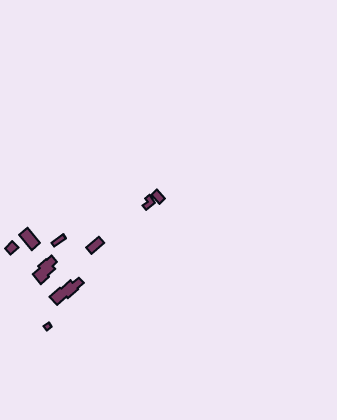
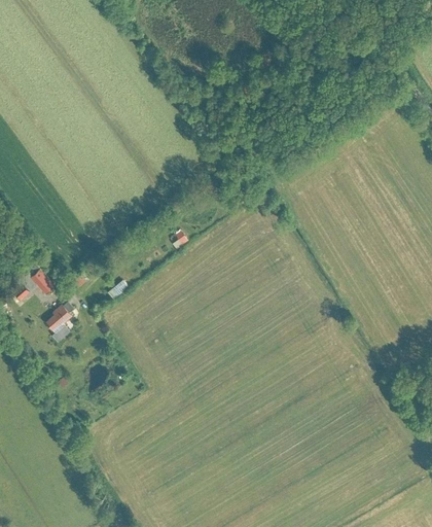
building: [49,278,84,305] -> none

